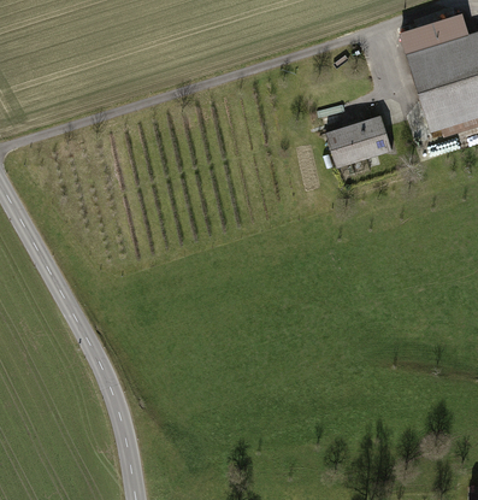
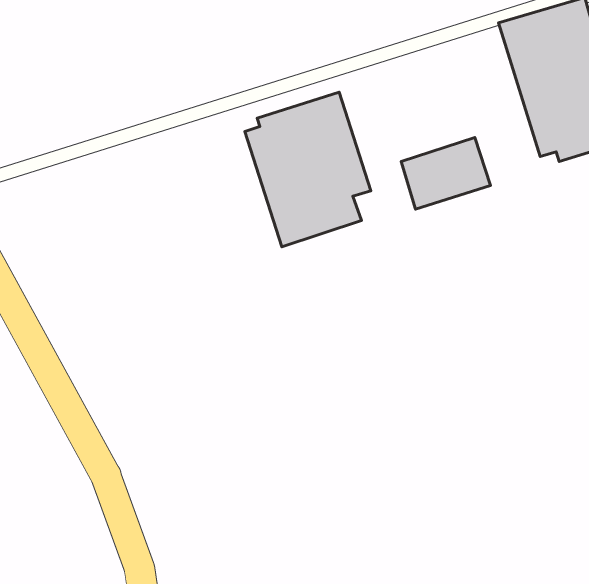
building: none -> [245,92,371,247]

